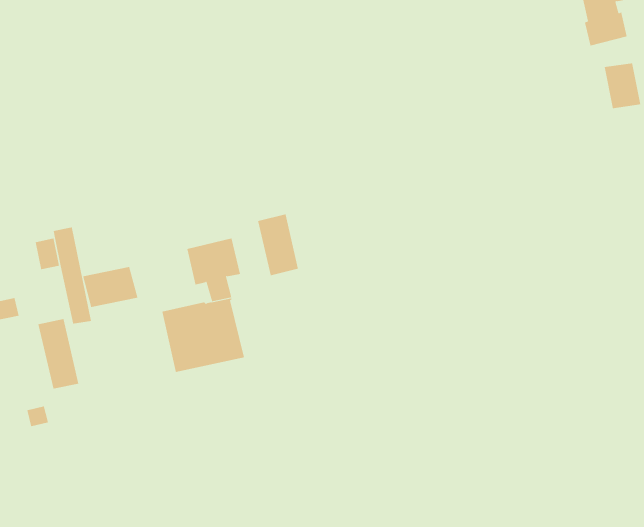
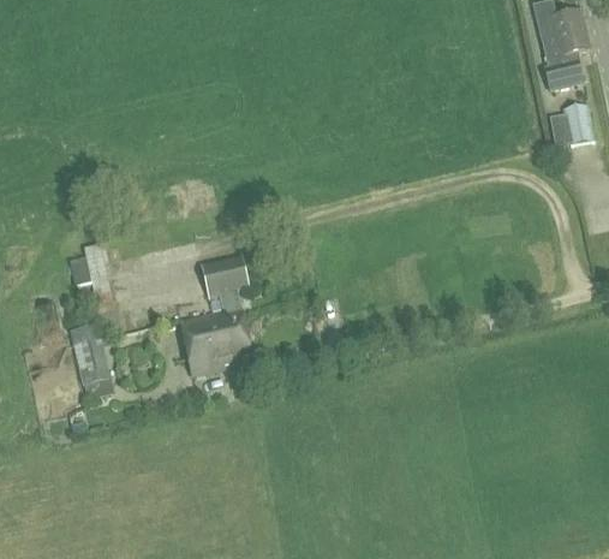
building: [258,214,299,276] -> none
building: [82,266,138,308] -> none

